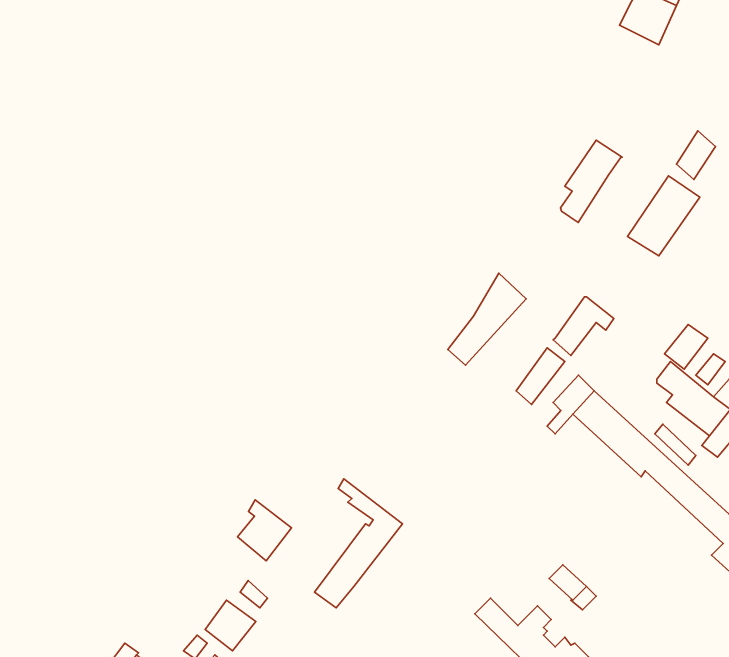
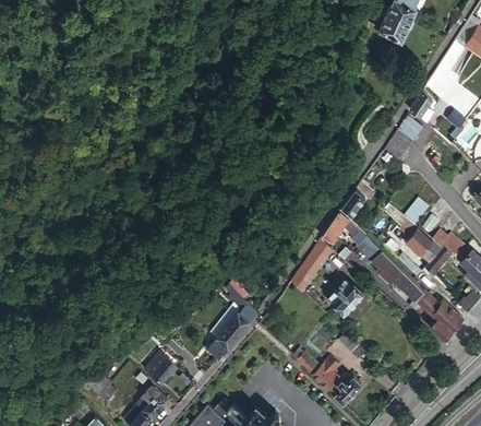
building: [561,140,622,222] -> none
building: [448,273,526,365] -> [290,238,334,289]
building: none -> [329,280,362,311]
building: [238,500,291,561] -> none

